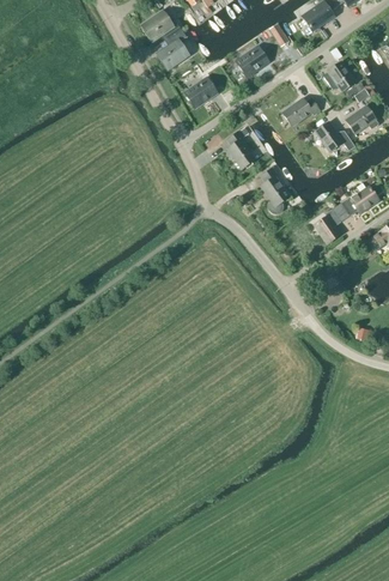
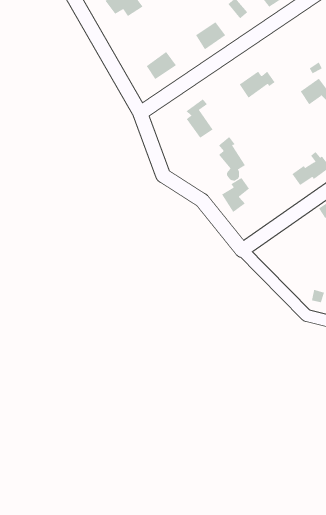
building: [157,30,187,67] -> none
building: [323,60,355,91] -> none
building: [315,120,354,151] -> none
building: [315,205,345,242] -> [221,177,250,213]

